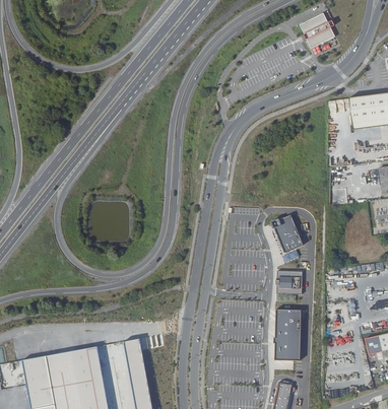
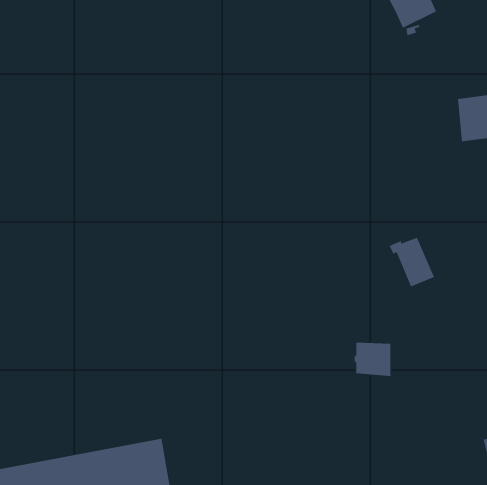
building: [269,215,302,251] -> [389,237,435,287]
building: [273,310,301,360] -> none

